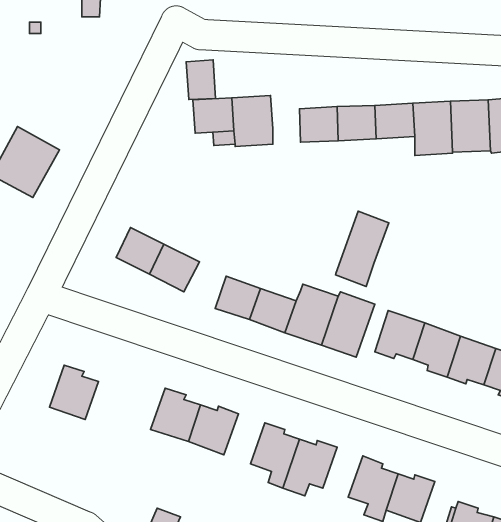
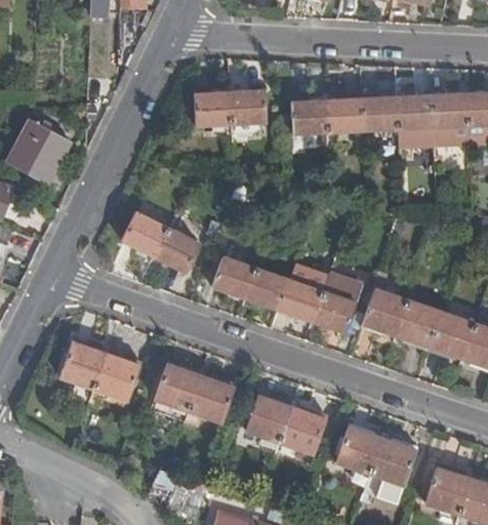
building: [186,60,215,100] -> none
building: [335,211,389,287] -> none
building: none -> [91,354,139,406]

